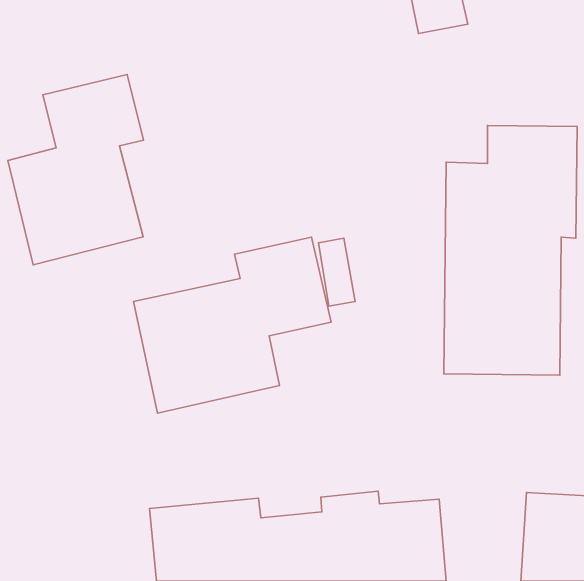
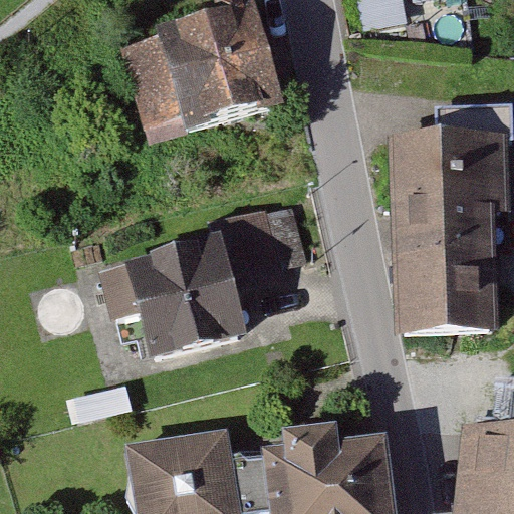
building: none -> [131,9,270,140]
building: [8,74,144,265] -> none

